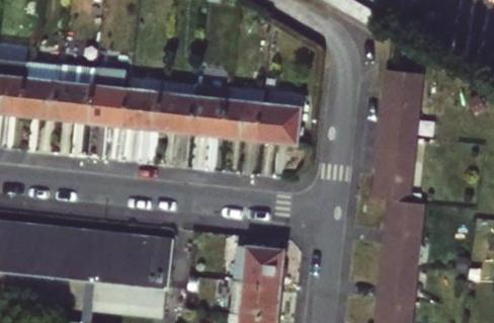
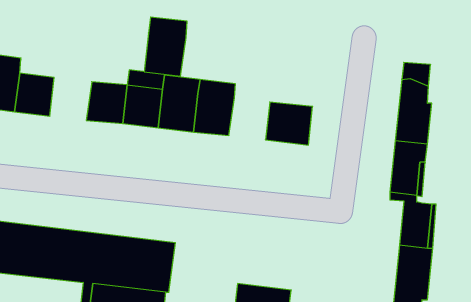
building: [56,69,96,125] -> [144,17,187,76]
building: [225,90,265,143] -> none
building: [233,243,287,285] -> none

